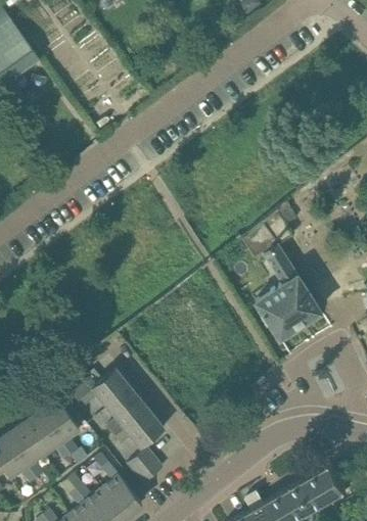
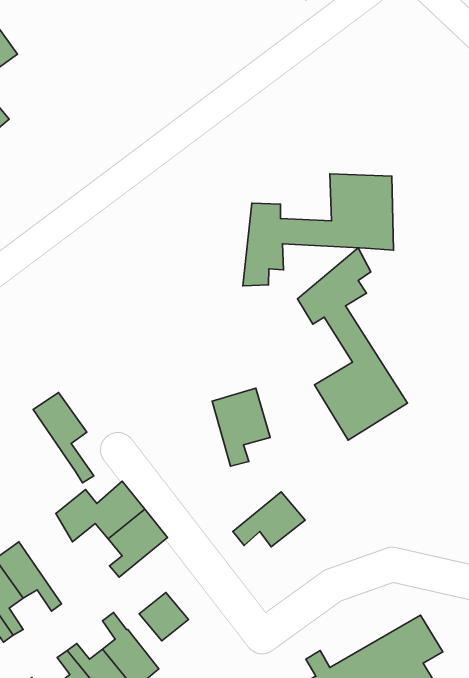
building: none -> [243,174,393,286]
building: none -> [212,388,270,466]
building: [40,400,84,466] -> [33,393,94,483]
building: [112,410,165,449] -> [233,492,305,547]

